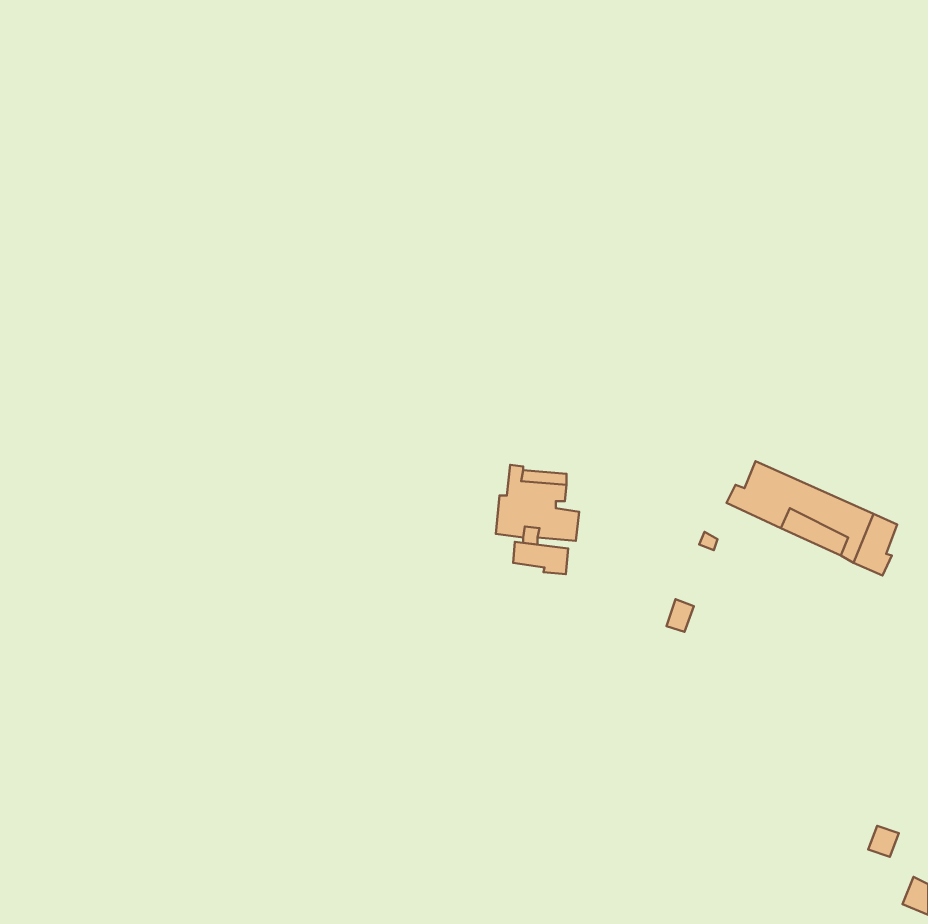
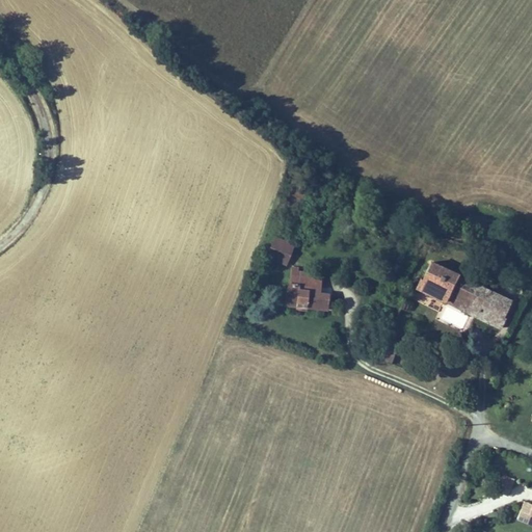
building: none -> [266,235,295,265]
building: [513,542,568,574] -> none

